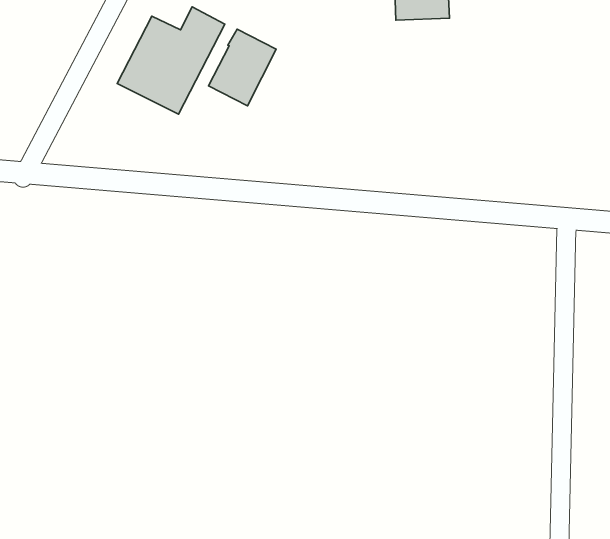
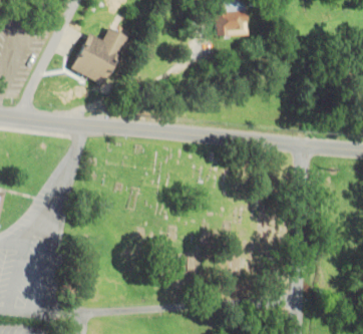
building: [208,29,276,106] -> none

